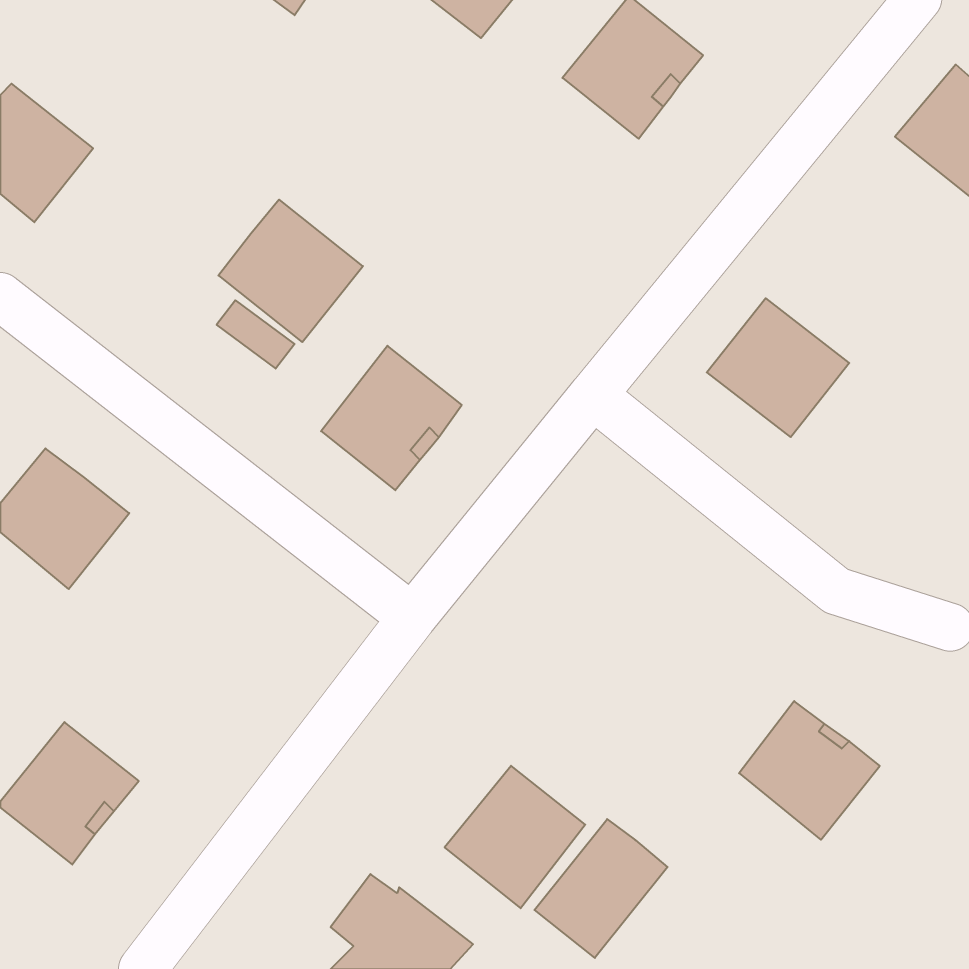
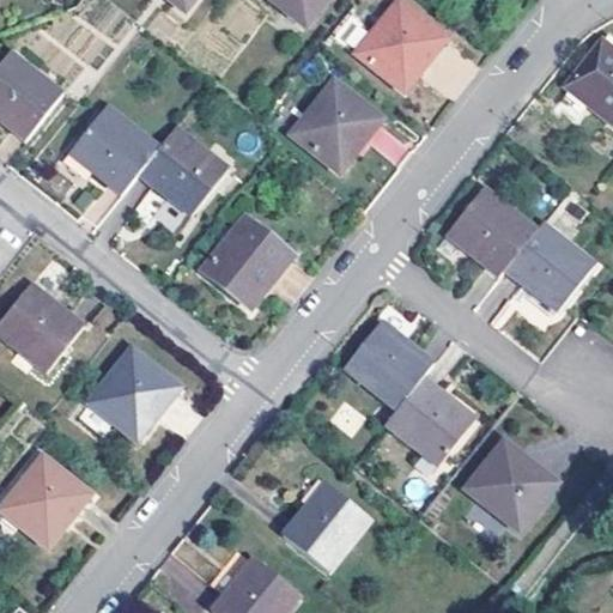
building: none -> [292,80,382,170]
building: none -> [69,105,159,195]
building: none -> [504,223,595,311]
building: none -> [344,321,474,463]
building: none -> [91,347,180,437]
building: [534,819,668,958] -> none

